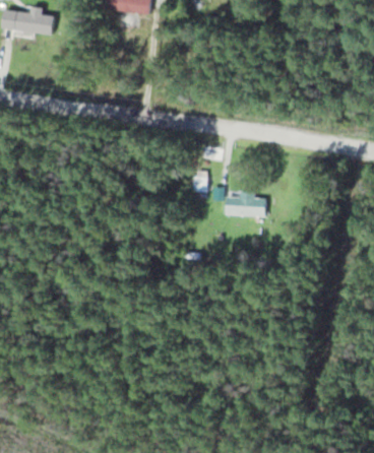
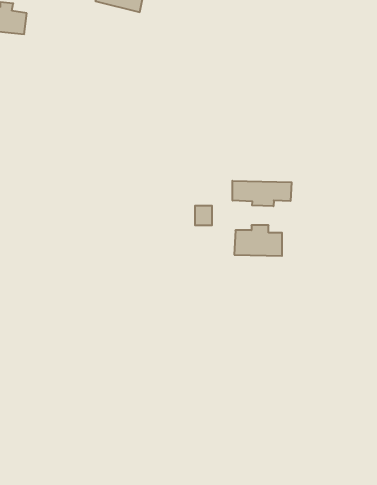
building: none -> [232,181,292,206]

